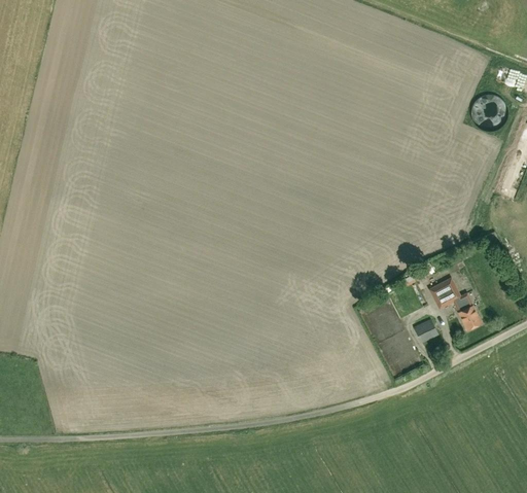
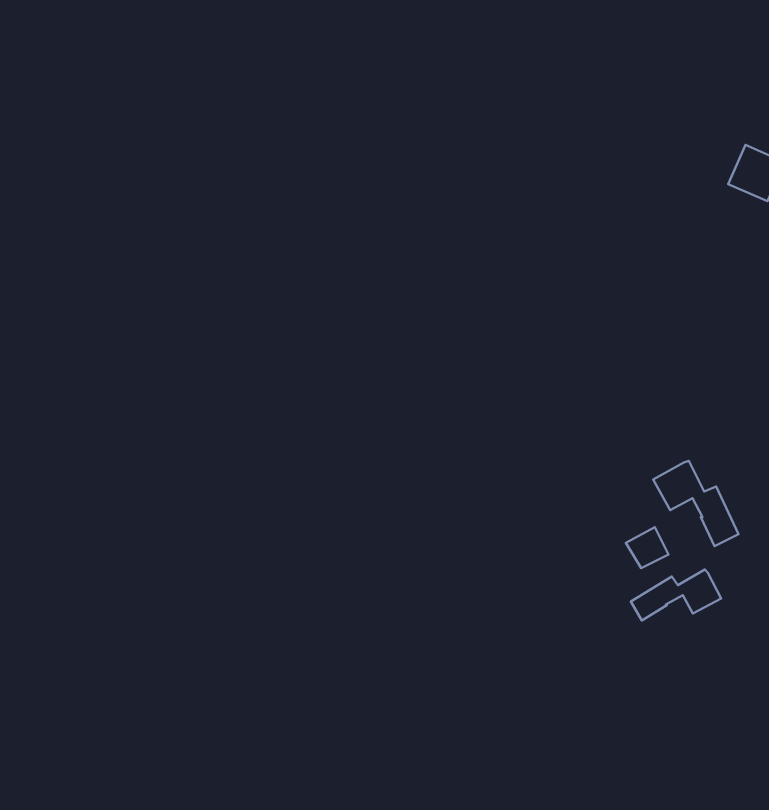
building: none -> [631,569,721,621]

